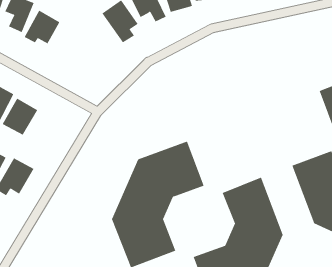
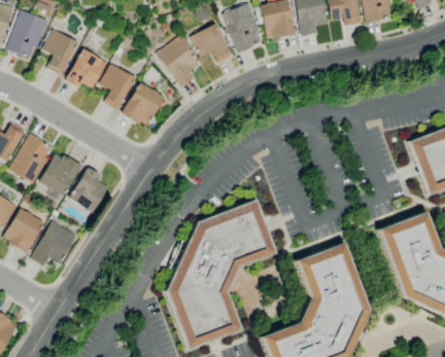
building: none -> [100,63,135,109]
building: none -> [122,81,164,127]
building: none -> [69,166,108,212]

